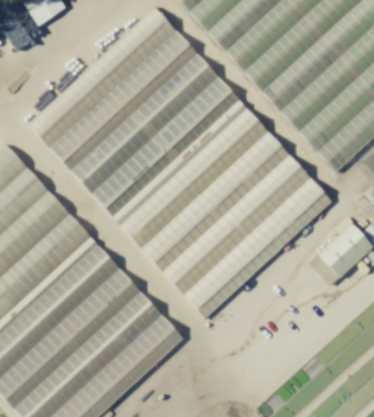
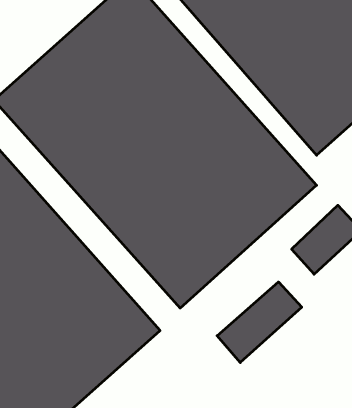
building: none -> [217,282,302,363]

